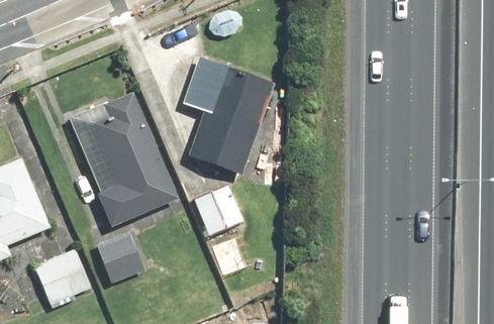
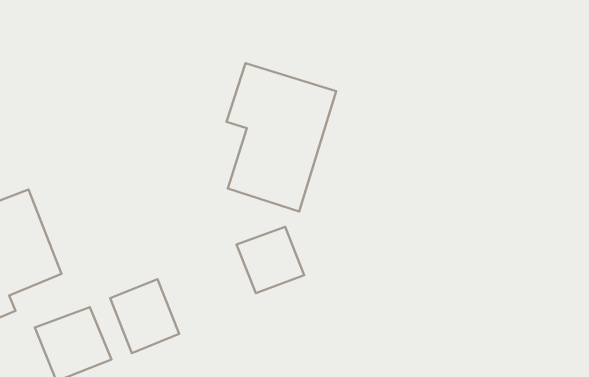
building: [67,85,182,224] -> none

